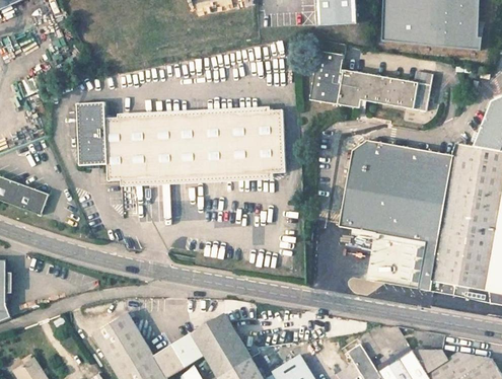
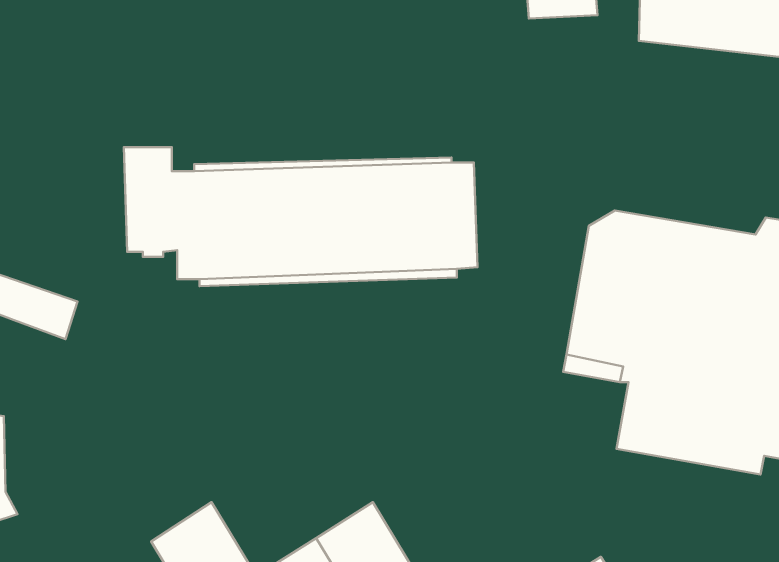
building: [311,42,432,110] -> none

